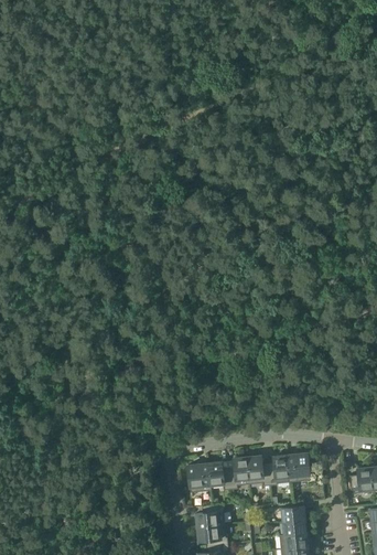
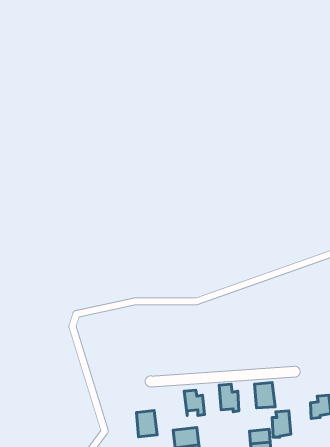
building: [269,455,290,484] -> [272,411,291,437]
building: [229,456,250,489] -> none
building: [188,462,212,492] -> [137,410,157,437]

